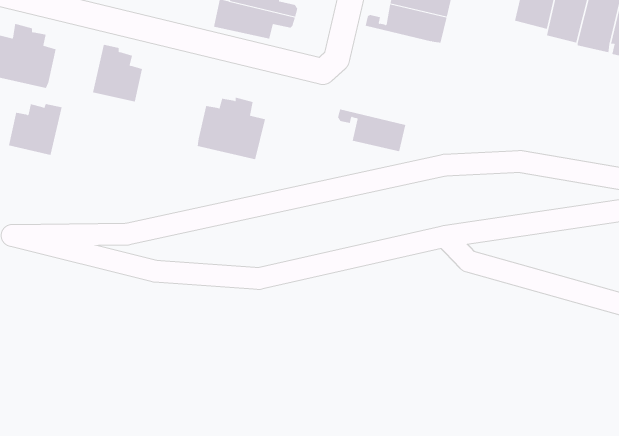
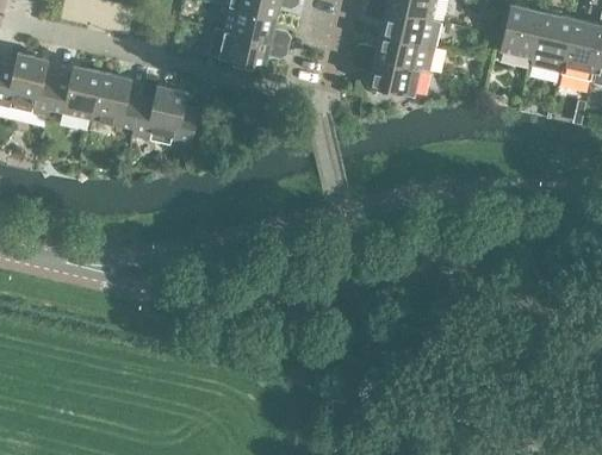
building: [197,97,266,160] -> [132,88,199,149]
building: [8,104,62,155] -> [50,69,103,119]
building: [337,109,406,152] -> [353,55,420,96]

